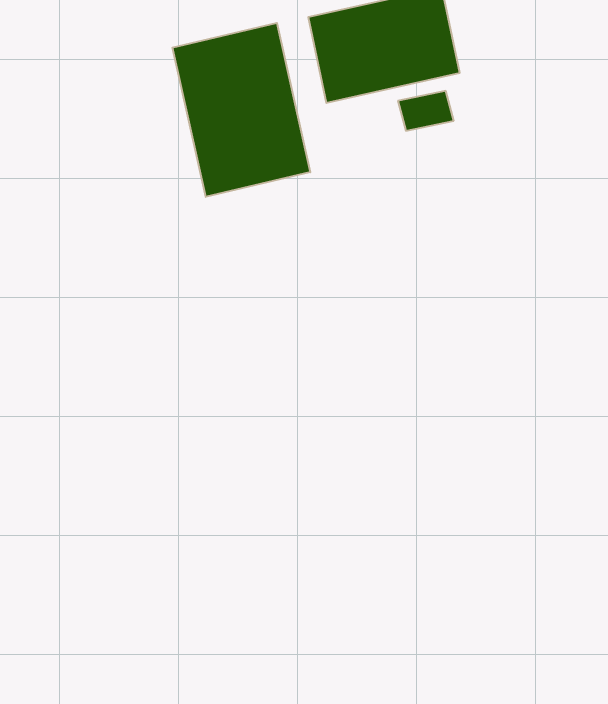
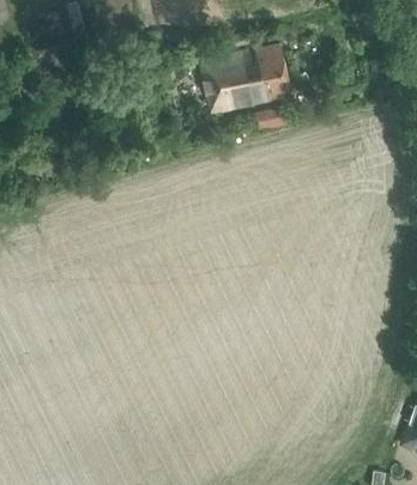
building: [172,23,310,197] -> none

